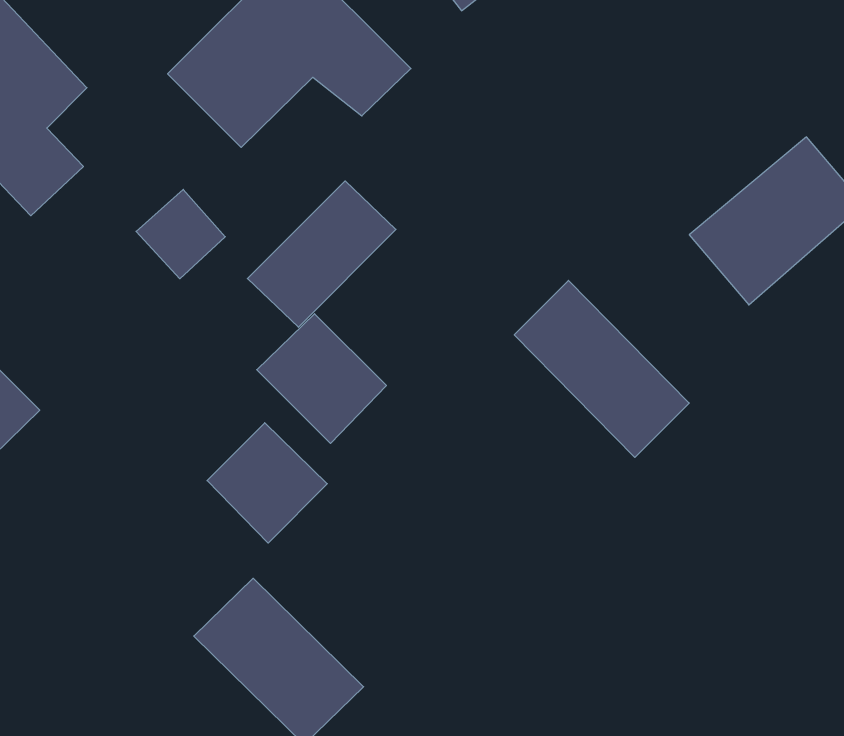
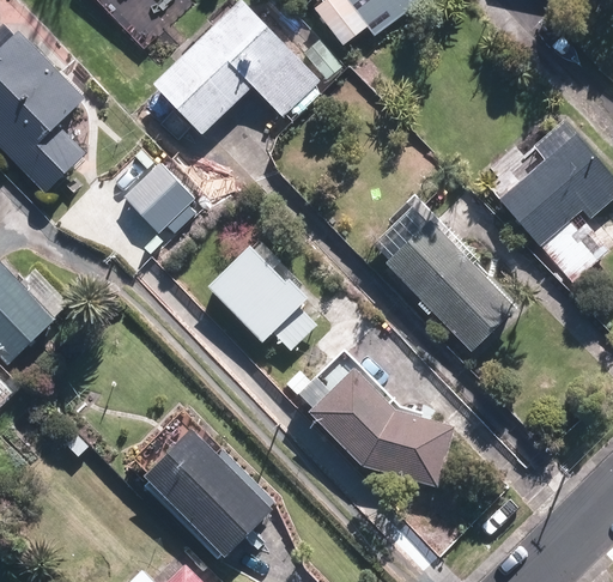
building: [247,181,396,327] -> none
building: [207,423,327,543] -> none
building: none -> [306,378,443,483]

